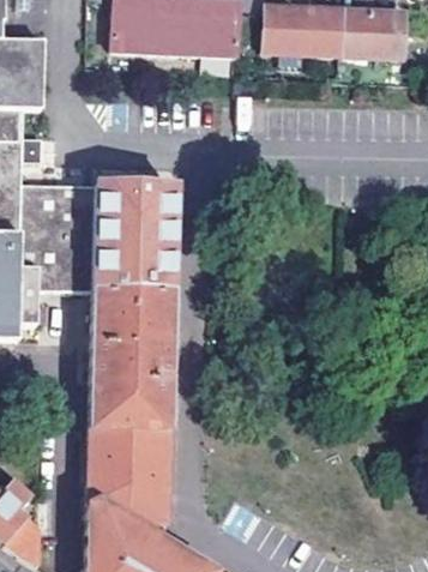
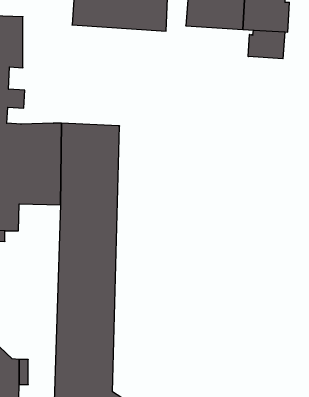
building: none -> [248,30,285,59]

